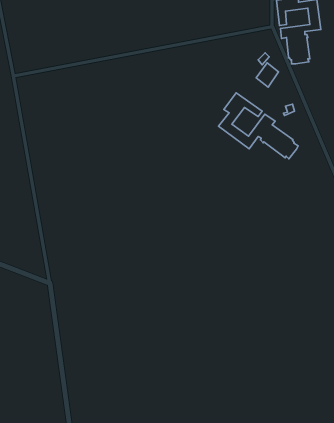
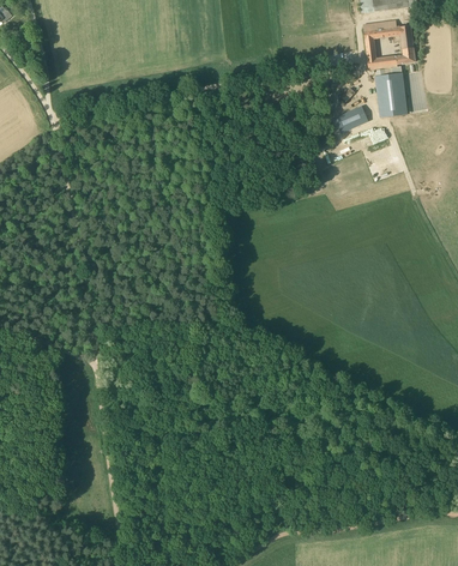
building: [219,93,298,159] -> none

